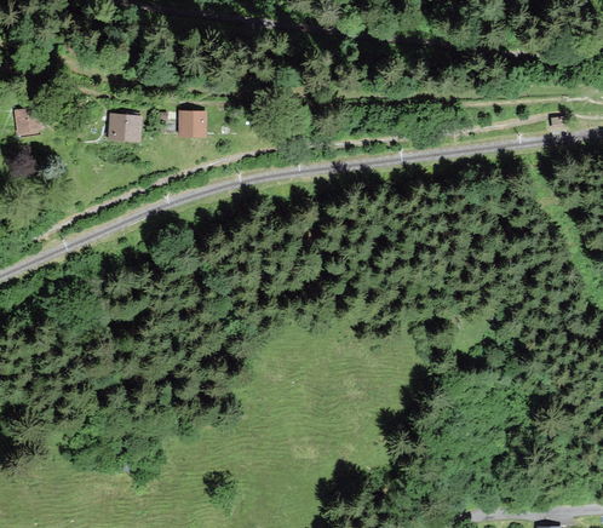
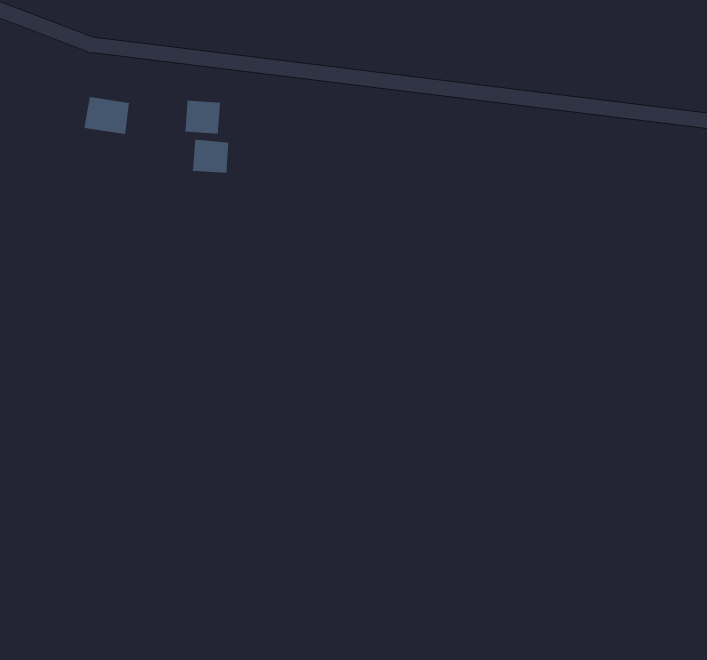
building: none -> [192,139,229,174]

